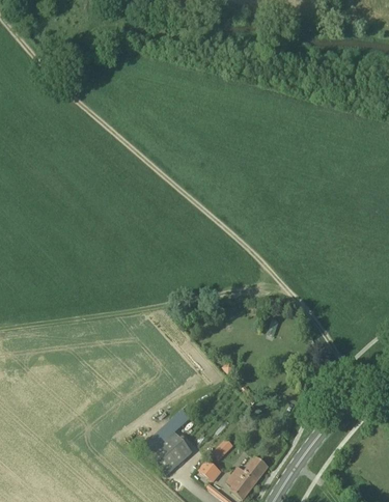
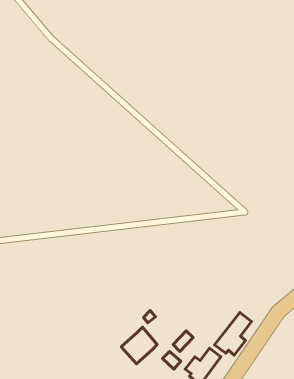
building: none -> [214,313,252,355]

